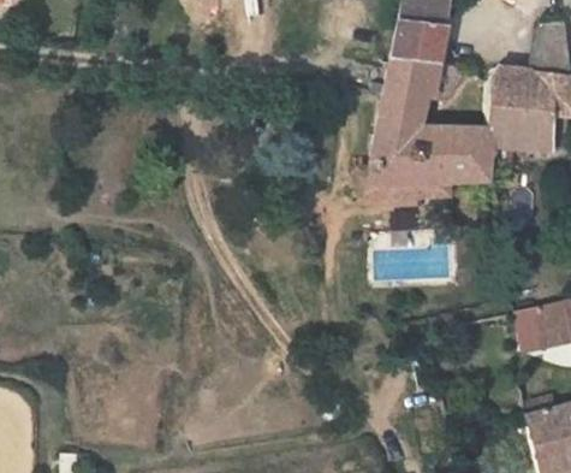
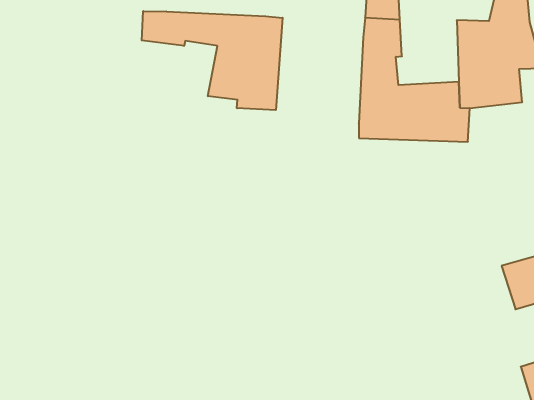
building: none -> [142,11,283,110]

